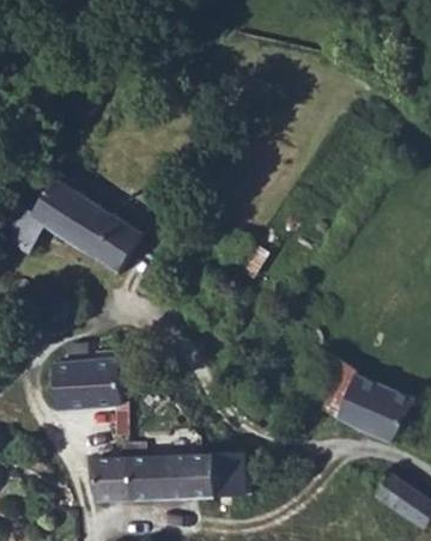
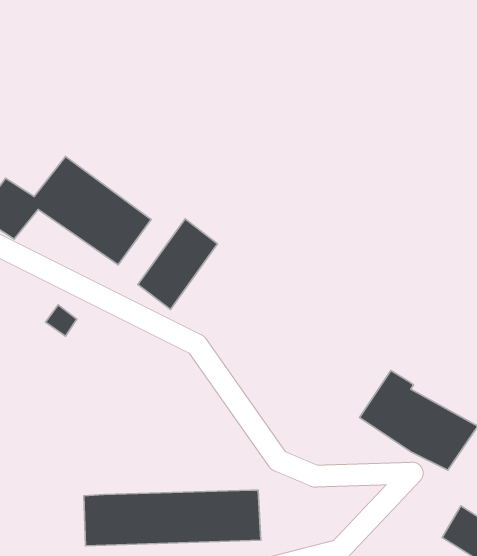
building: none -> [138,219,218,309]
building: [41,348,109,414] -> none

